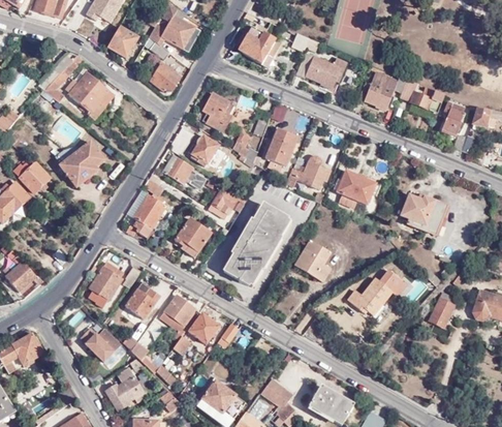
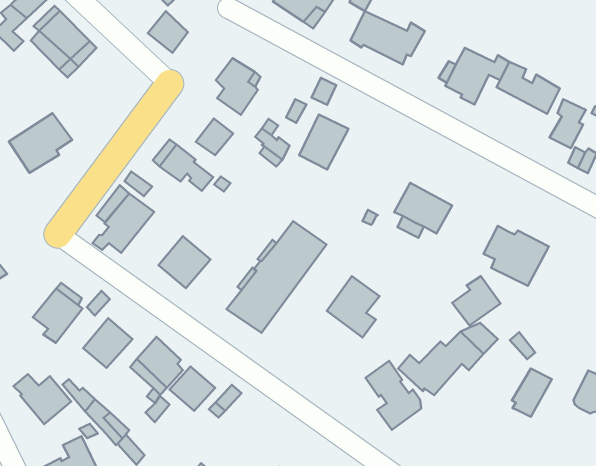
building: [286,155,331,189] -> none
building: [209,189,247,218] -> none
building: none -> [452,276,501,325]
building: none -> [365,361,421,430]

